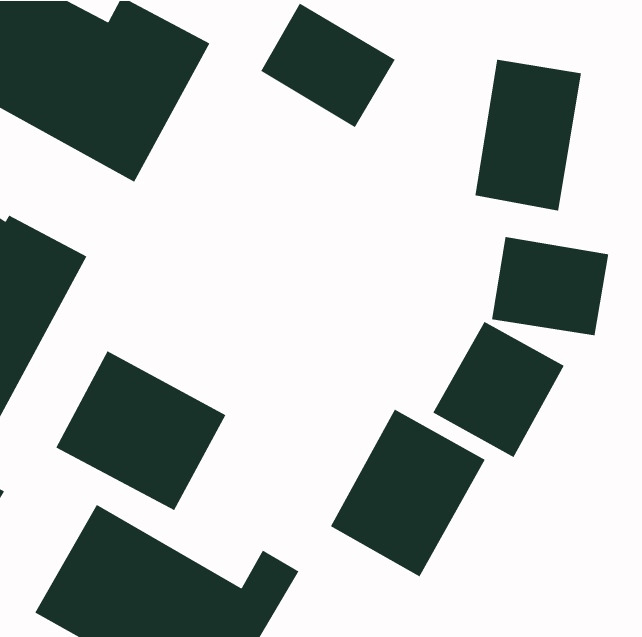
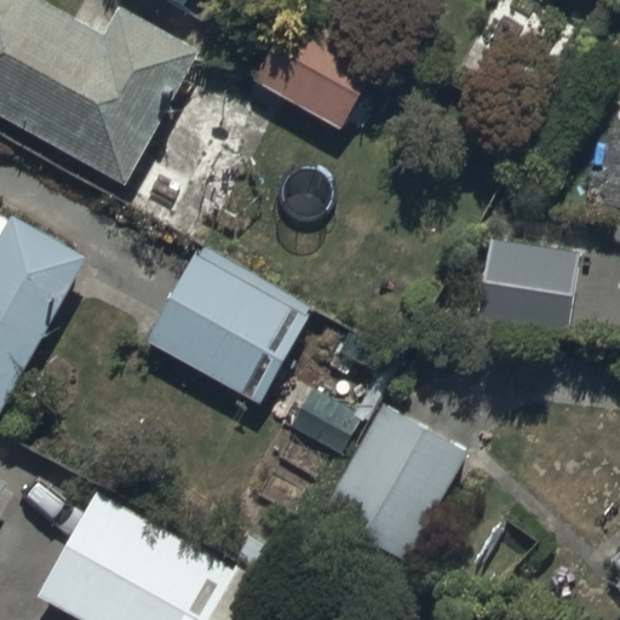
building: [474,59,582,211] -> none
building: [432,321,565,458] -> none
building: [55,350,226,511] -> [145,249,309,403]

